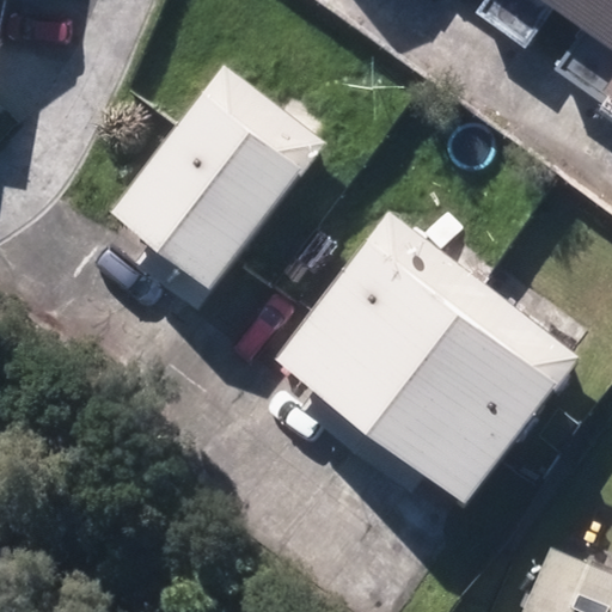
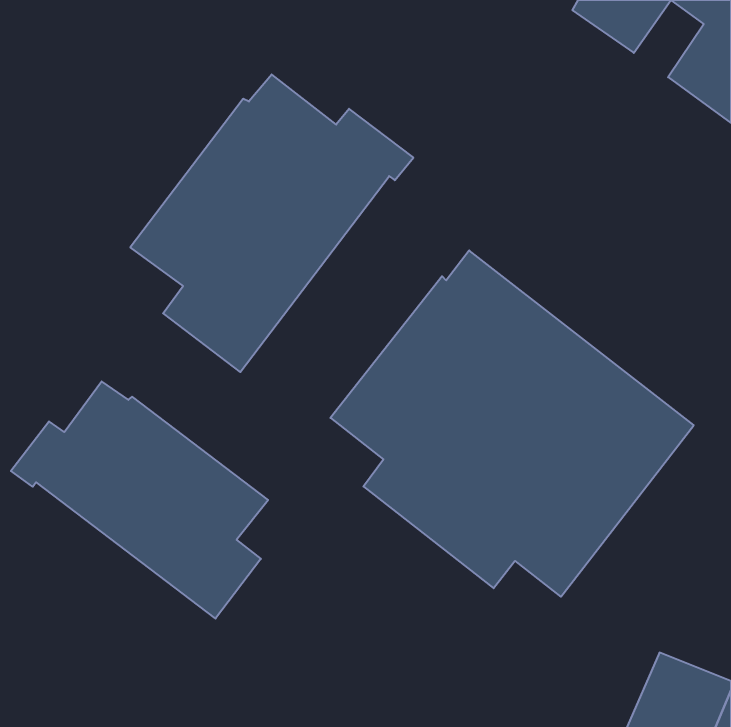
building: none -> [11,381,268,619]

